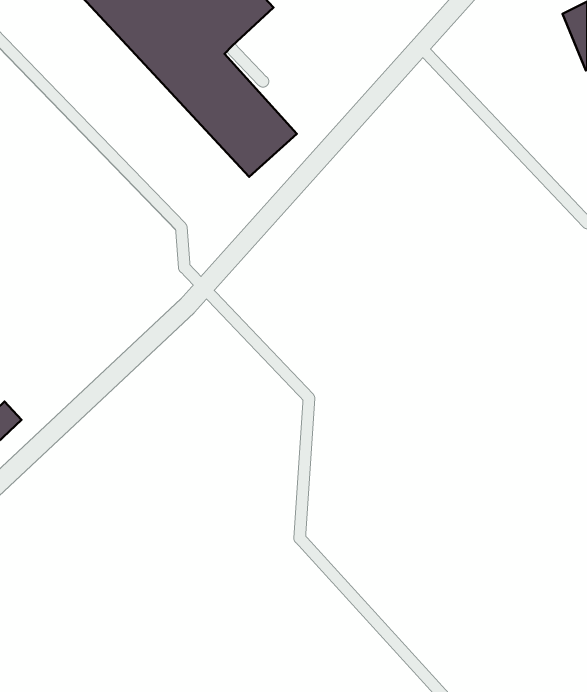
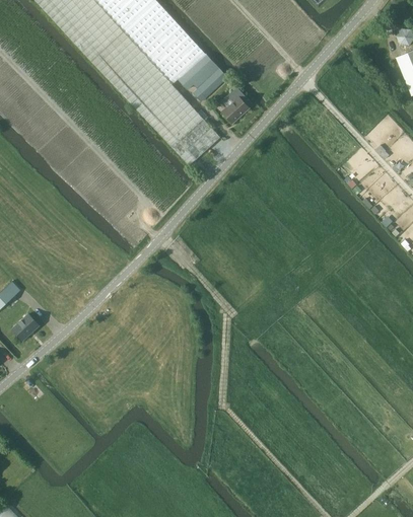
building: none -> [178,53,228,97]
building: none -> [221,86,252,123]

